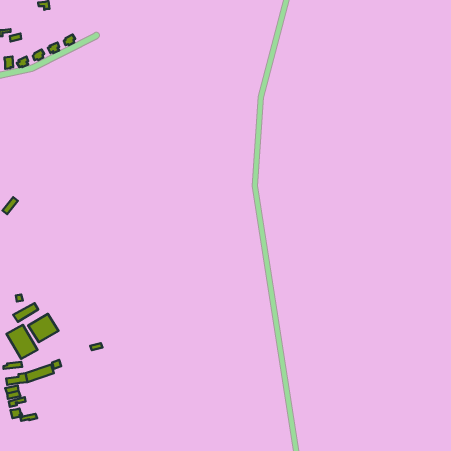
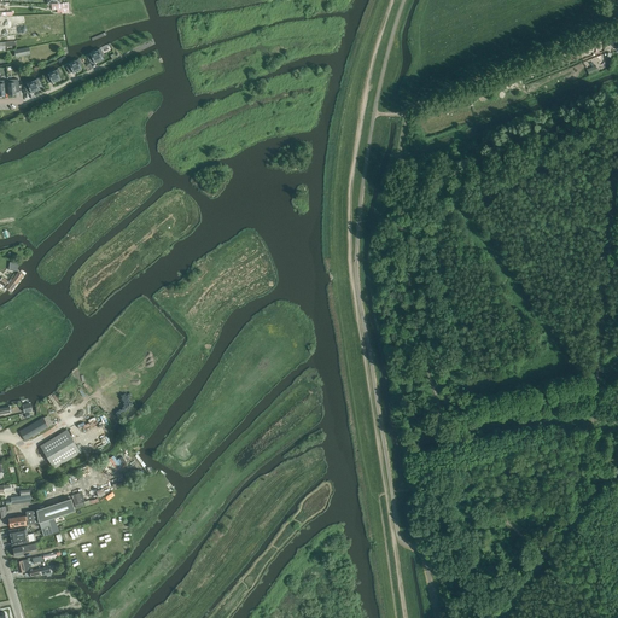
building: [6,325,37,359] -> none

